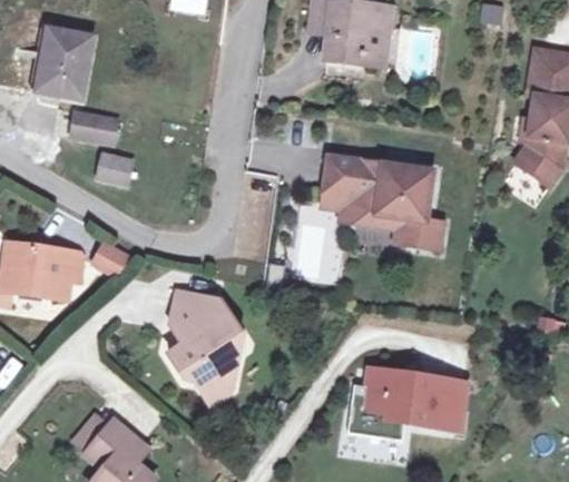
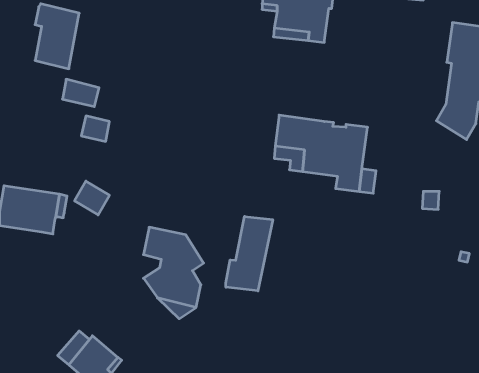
building: none -> [226,216,273,291]
building: [359,363,470,429] -> none

